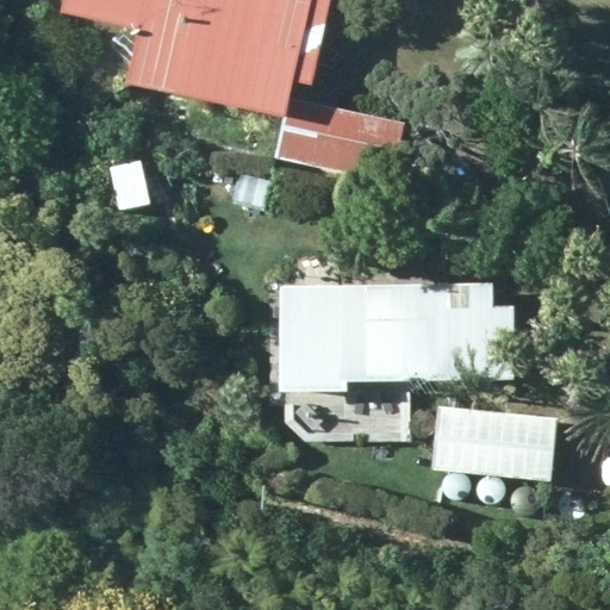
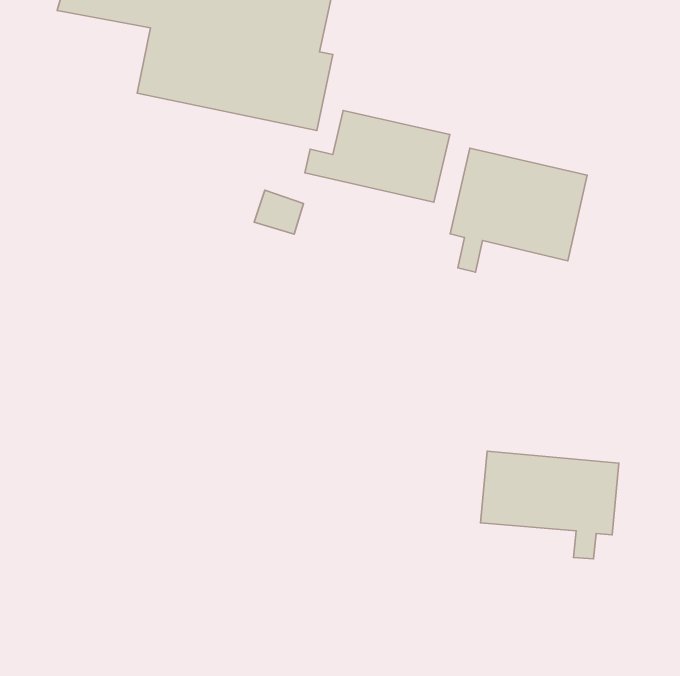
building: none -> [450,148,587,272]
building: [335,282,513,382] -> none

